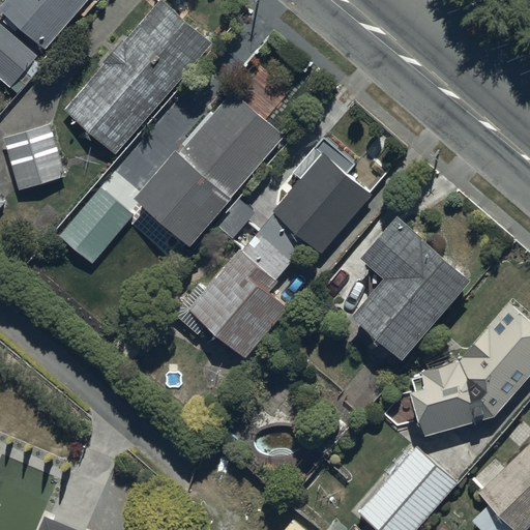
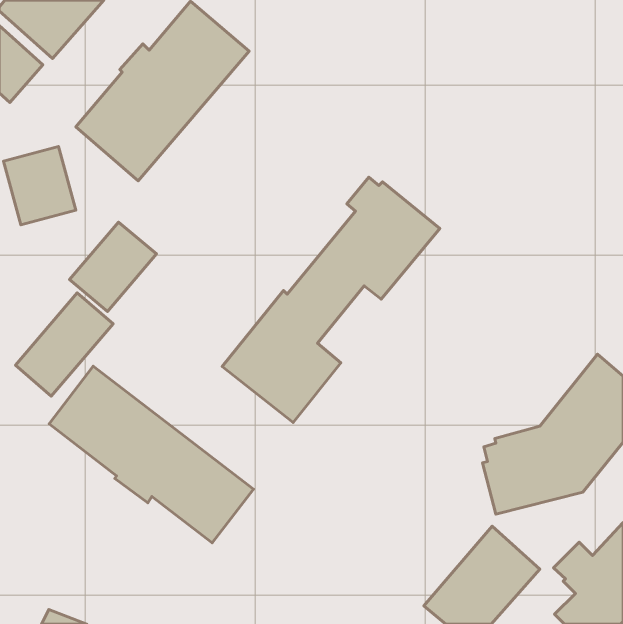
building: [137,92,285,248] -> none
building: [348,217,470,362] -> none
building: none -> [16,293,113,396]
building: none -> [49,366,254,543]

